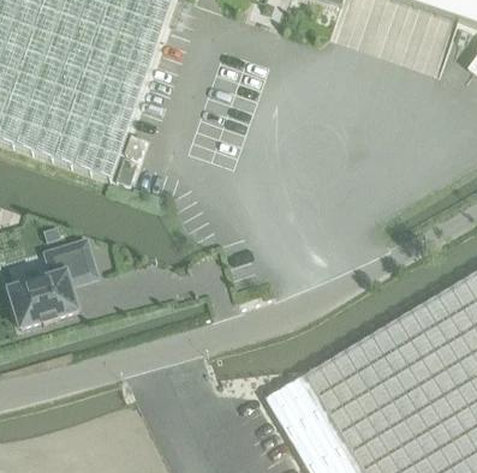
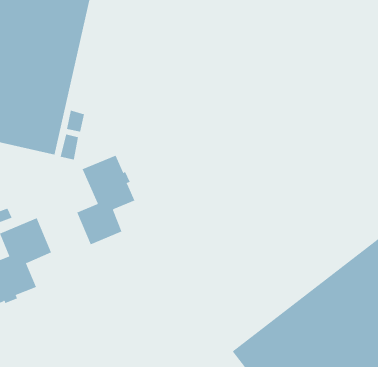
building: none -> [77,155,135,245]

